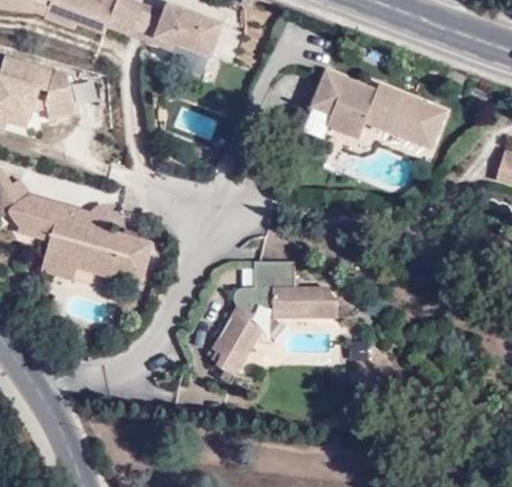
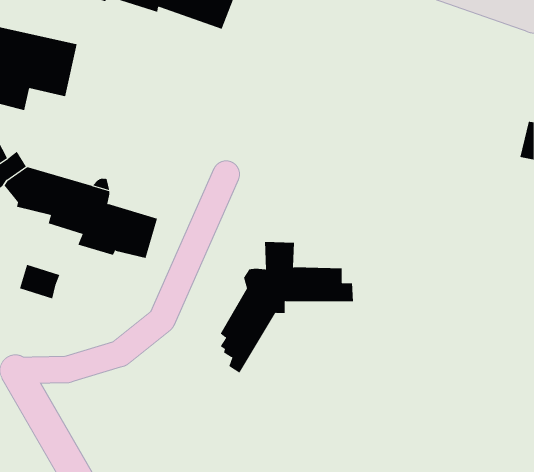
building: [309,68,449,151] -> none
building: [41,245,80,278] -> [19,264,60,299]

